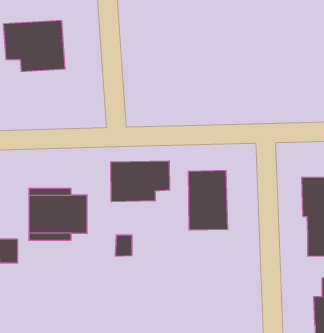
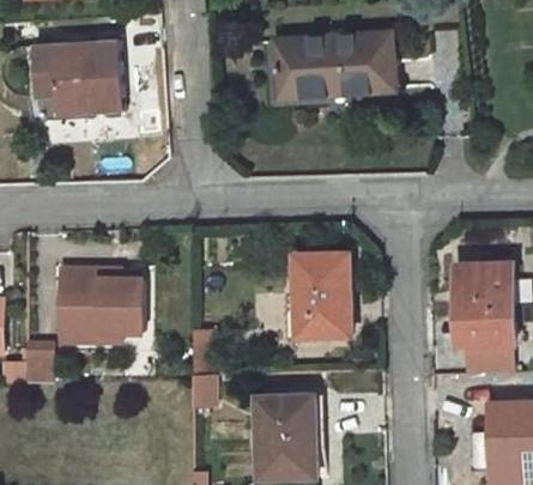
building: none -> [275,35,390,93]
building: [111,161,169,202] -> none
building: none -> [256,394,315,474]

